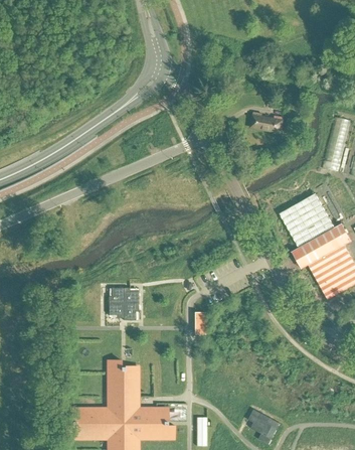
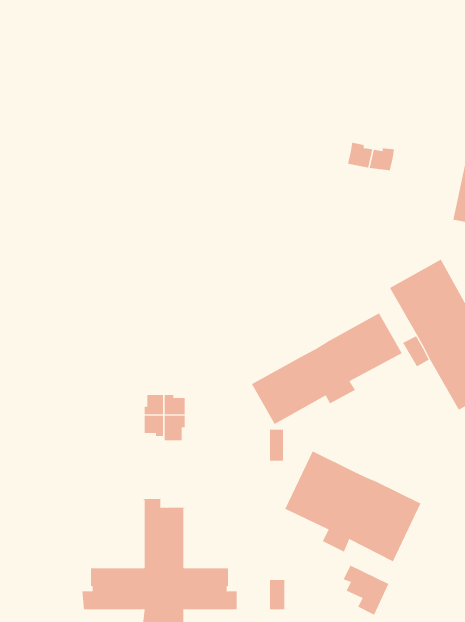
building: none -> [251,313,402,425]
building: none -> [284,450,421,562]

